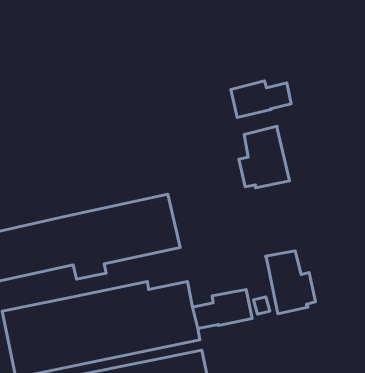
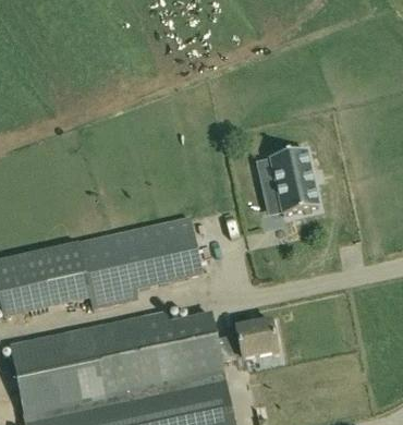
building: [231,81,291,117] -> none
building: [266,251,316,314] -> none

